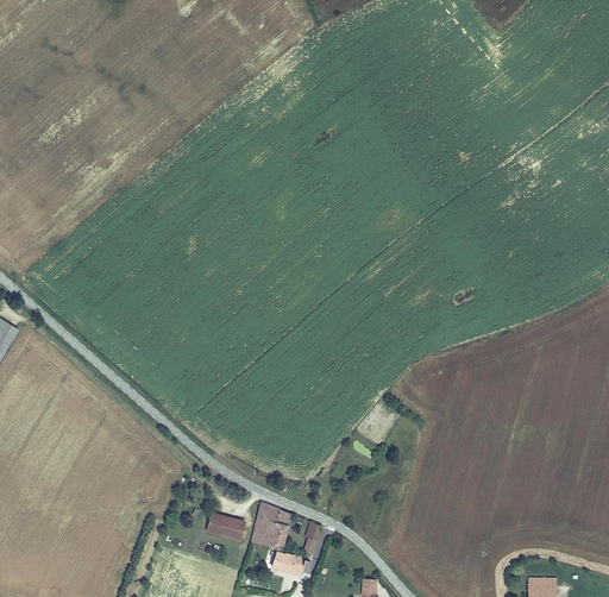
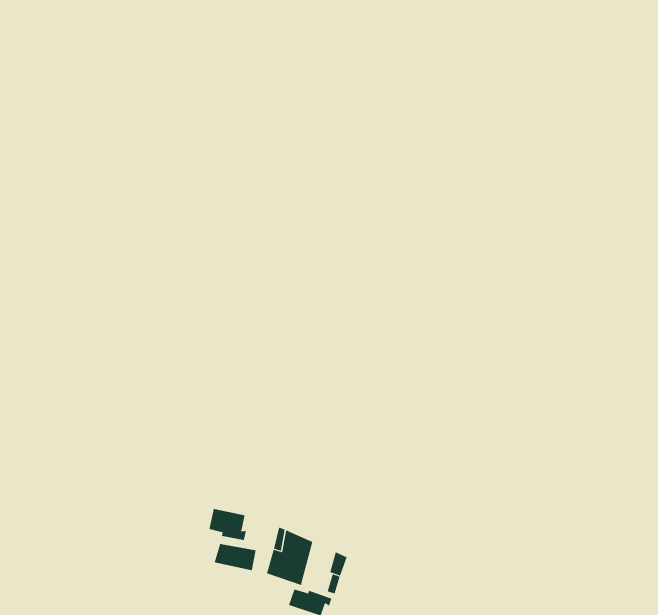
building: none -> [209,508,246,541]

